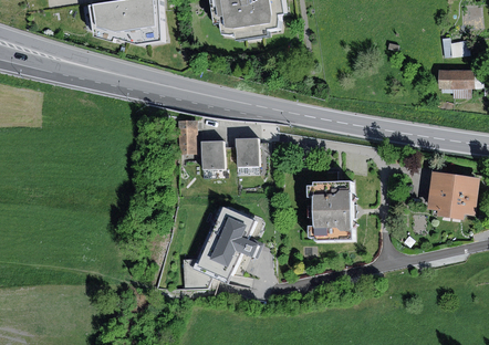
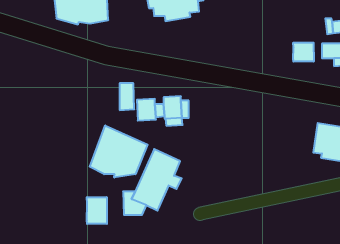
building: none -> [293,43,314,62]
building: none -> [90,125,148,178]
building: [310,181,356,242] -> none
building: none -> [87,197,107,224]

